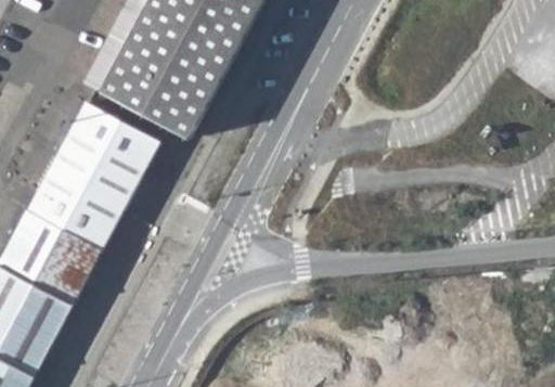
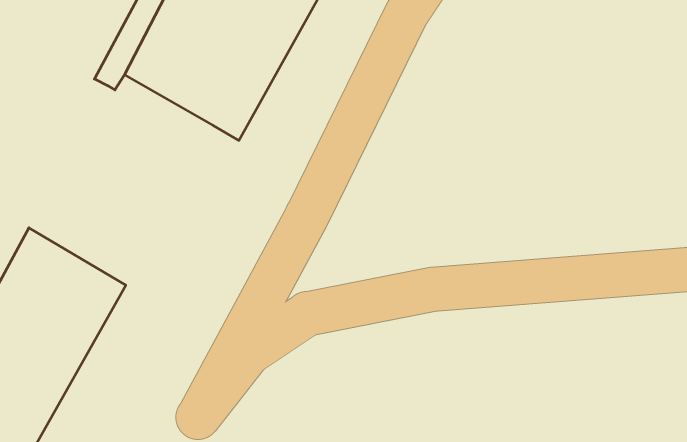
building: [24,103,160,255] -> none

